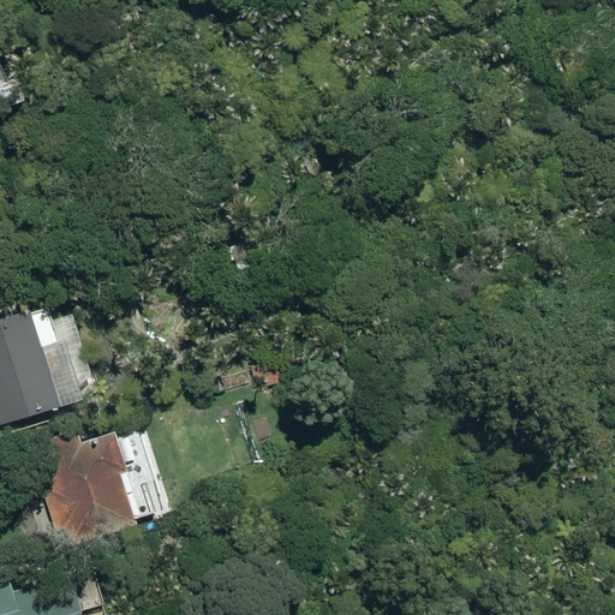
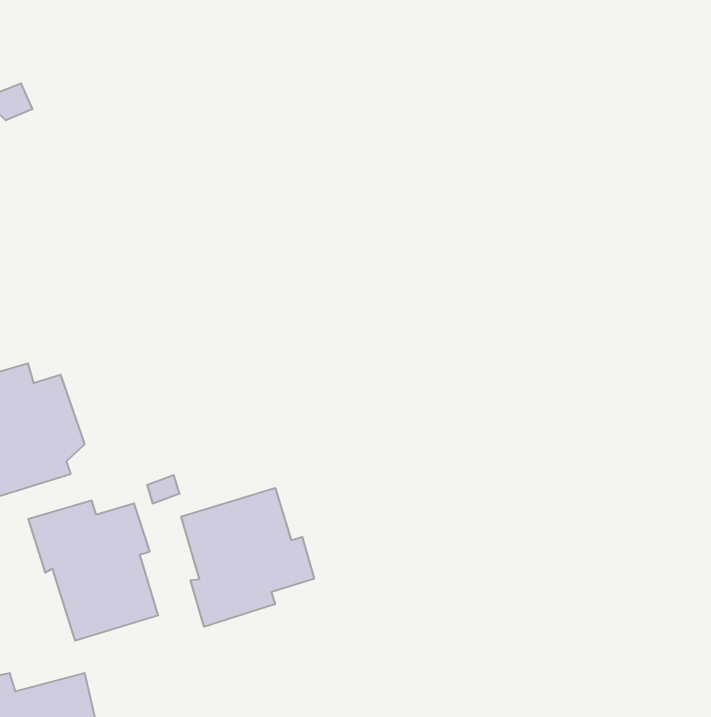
building: none -> [181,488,314,627]

